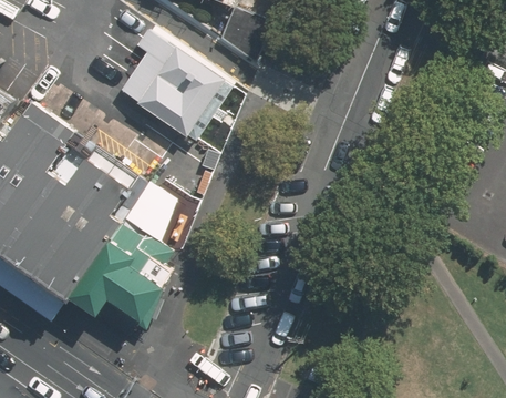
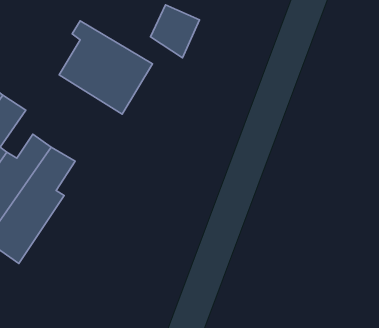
building: [71,187,173,335] -> none

